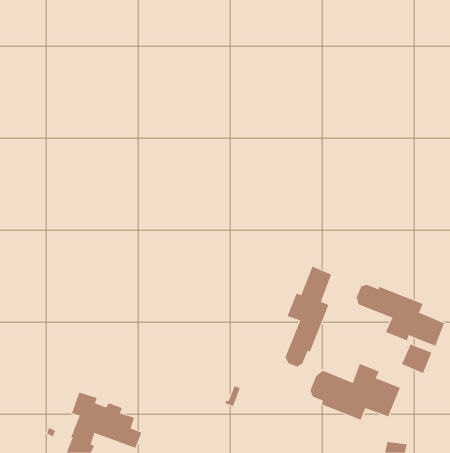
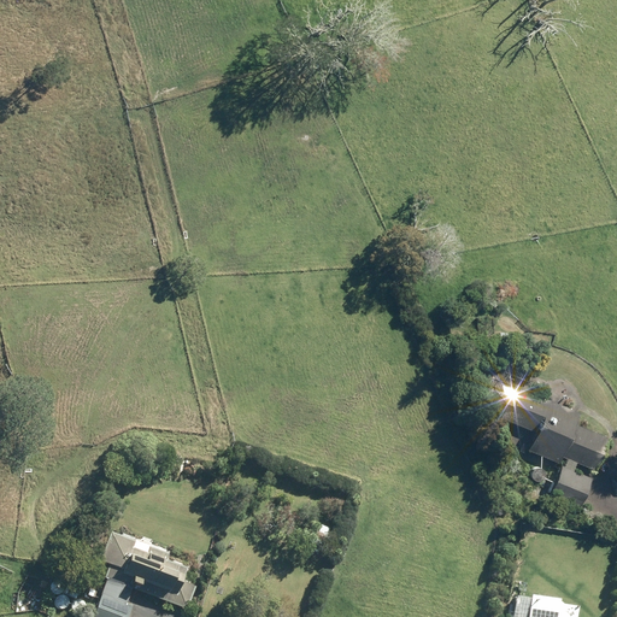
building: [285,266,332,368] -> none
building: [310,363,401,420] -> none

